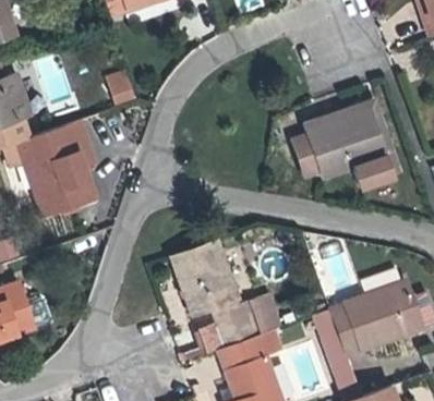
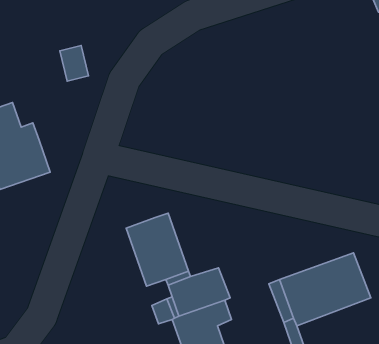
building: [294,110,394,185] -> none
building: [58,120,98,167] -> none

